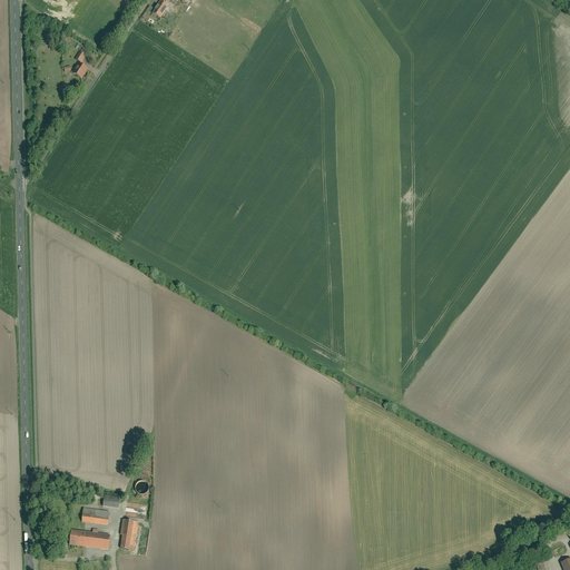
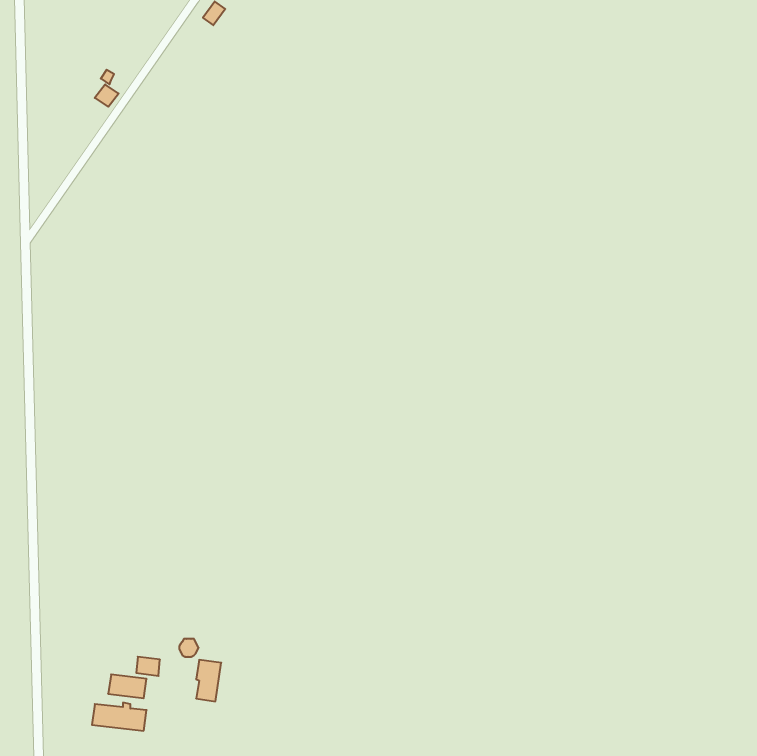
building: [120,519,139,550] -> [196,660,221,701]

